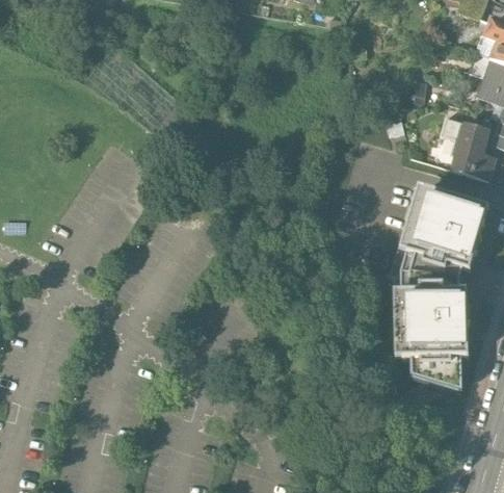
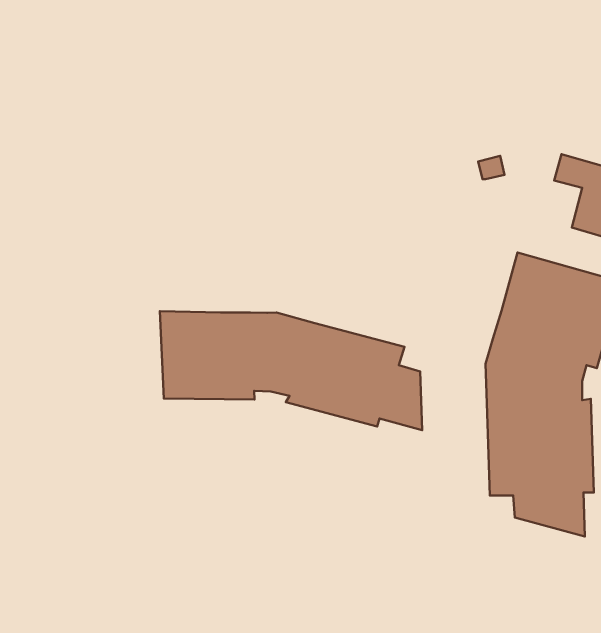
building: none -> [160,311,422,430]

